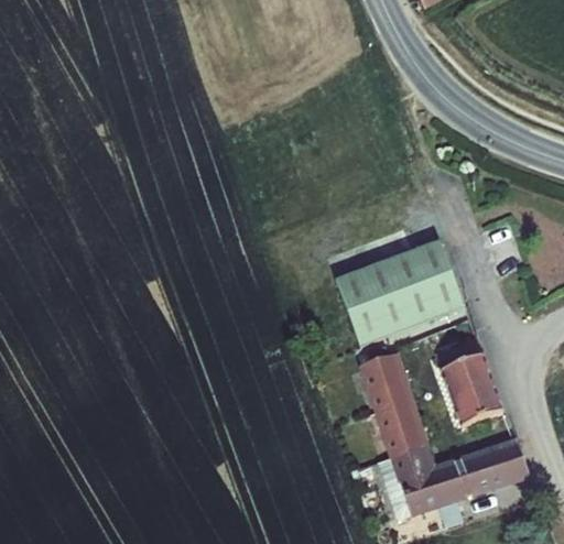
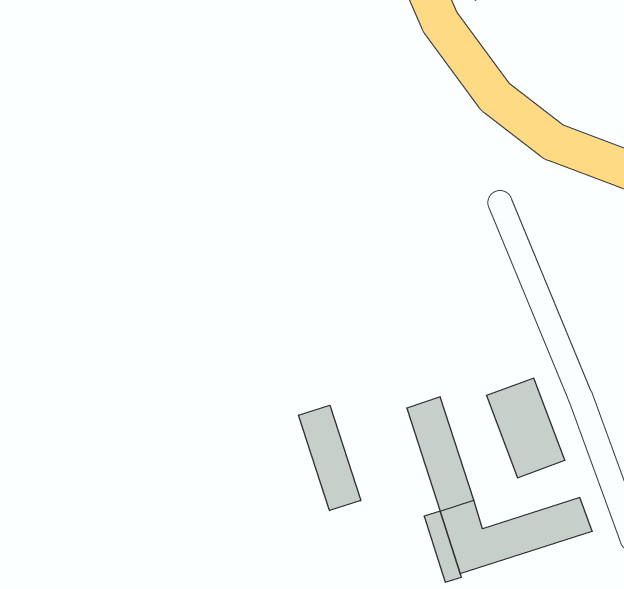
building: [337,239,465,342] -> none
building: none -> [299,405,361,511]

